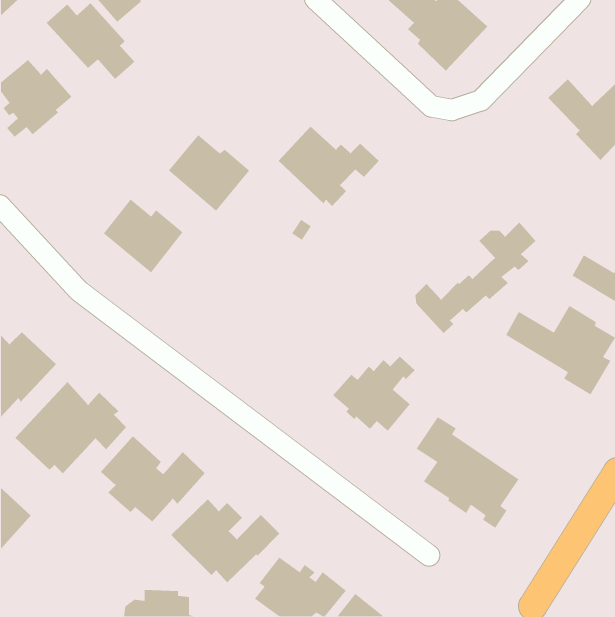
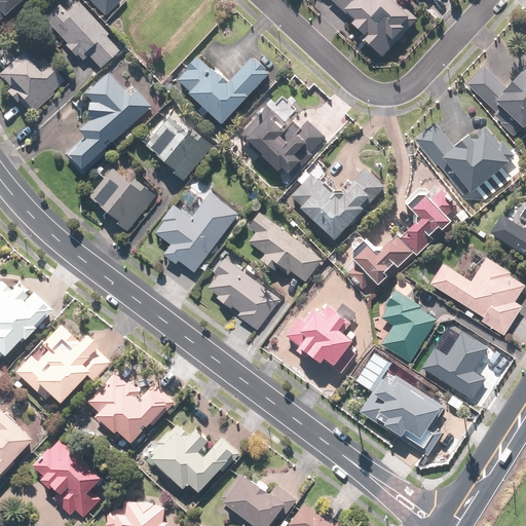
building: none -> [178,58,271,127]
building: none -> [64,73,153,177]
building: none -> [414,123,517,199]
building: none -> [292,168,385,241]
building: none -> [154,192,239,270]
building: none -> [246,211,323,281]
building: none -> [211,259,283,330]
building: none -> [379,290,437,363]
building: none -> [420,328,489,402]
building: none -> [33,441,102,518]

